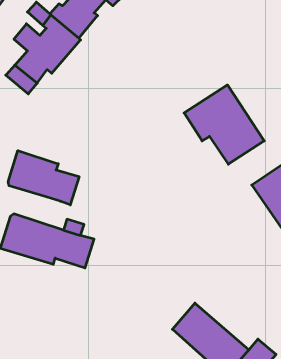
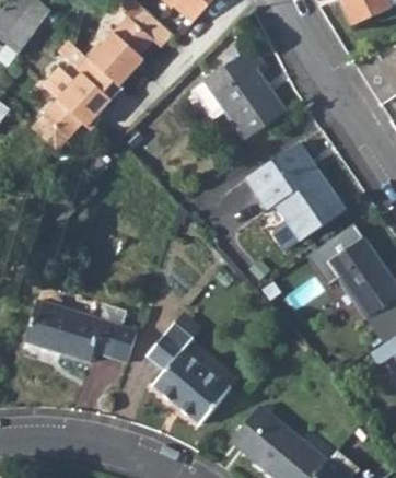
building: none -> [203,49,283,139]
building: [8,151,79,205] -> none
building: none -> [150,325,230,425]

